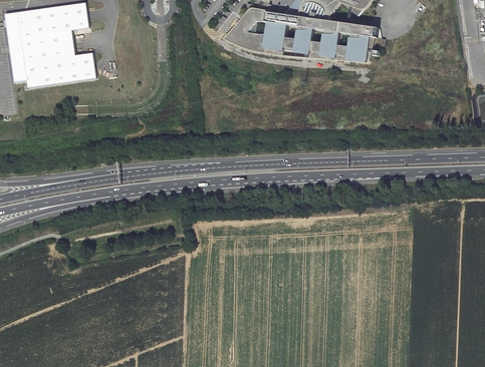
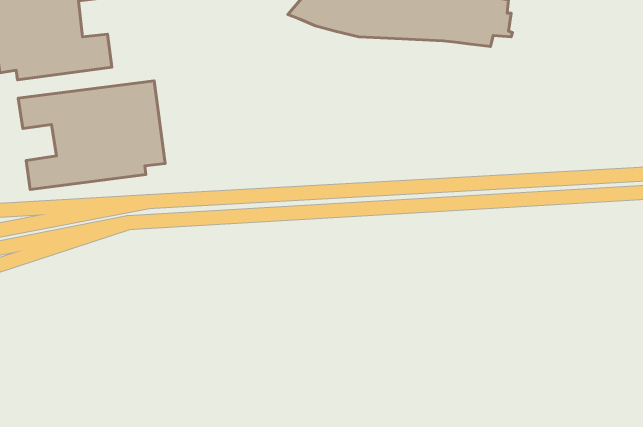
building: none -> [18,81,165,190]

